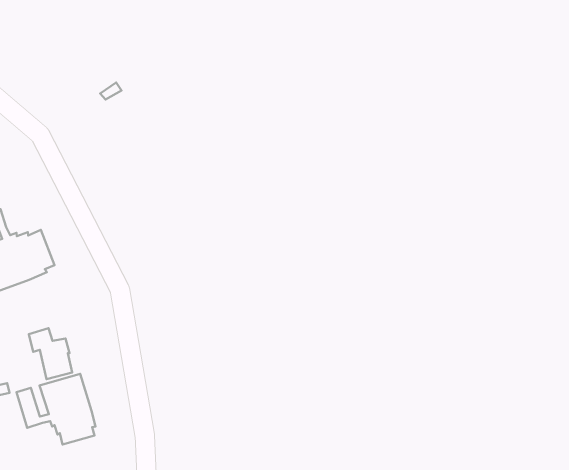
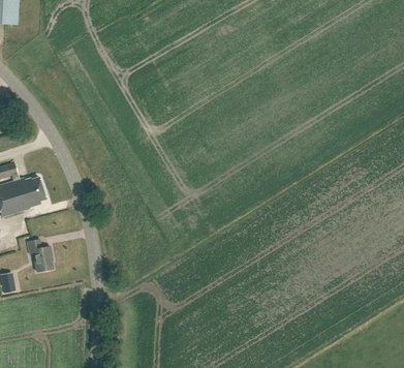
building: [16,374,95,445] -> none

